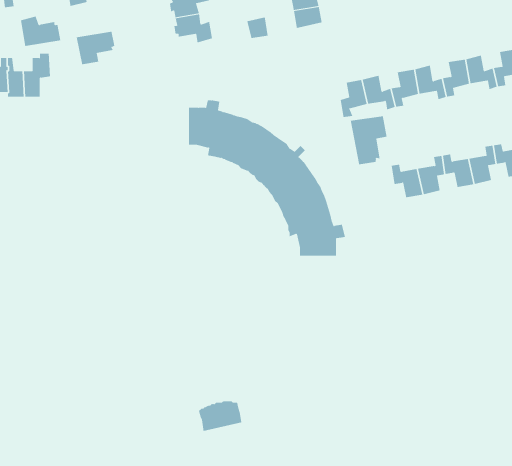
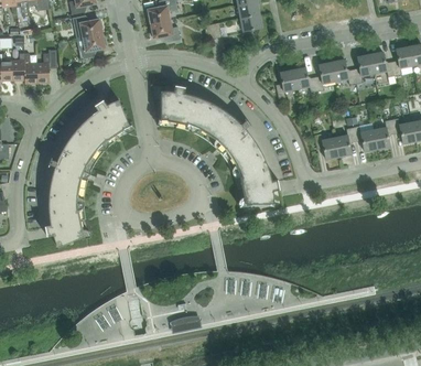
building: [20,16,61,46] -> [73,14,104,37]
building: [350,116,387,165] -> none
building: none -> [45,99,130,246]

